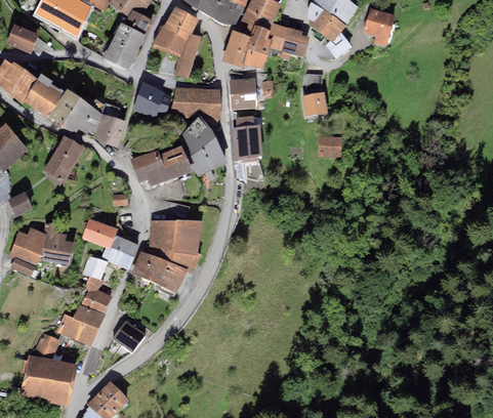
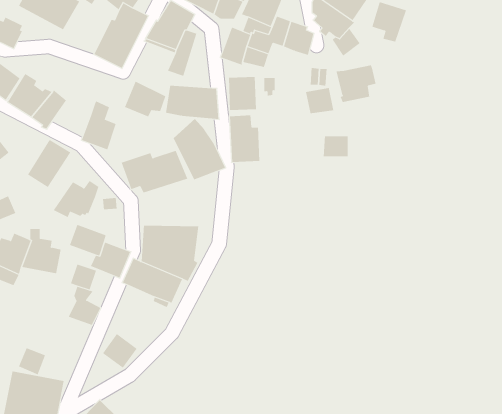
building: none -> [336,64,376,103]
building: [61,99,105,134] -> [53,180,99,218]
building: [57,300,106,342] -> none

